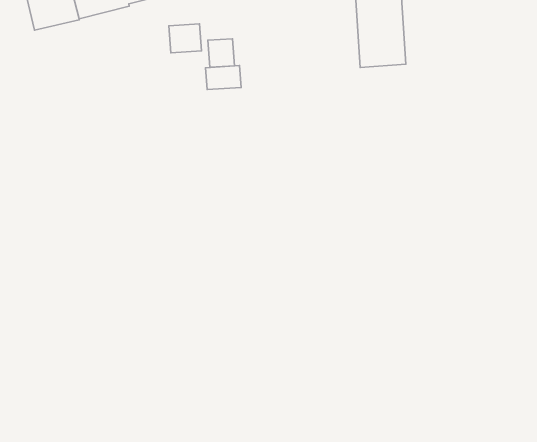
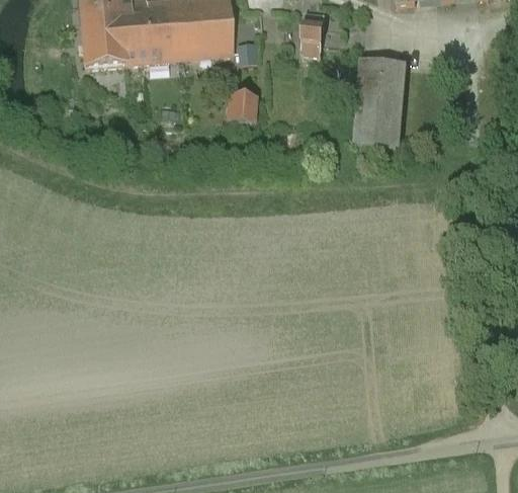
building: [169,24,201,53] -> none
building: [205,65,241,90] -> none

